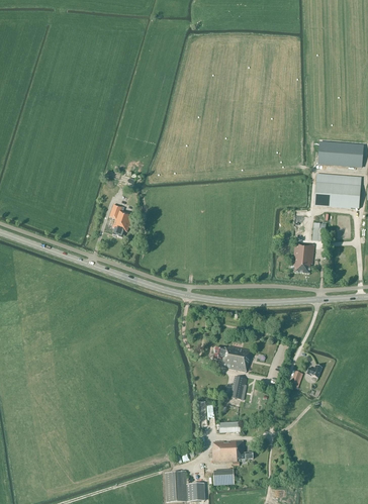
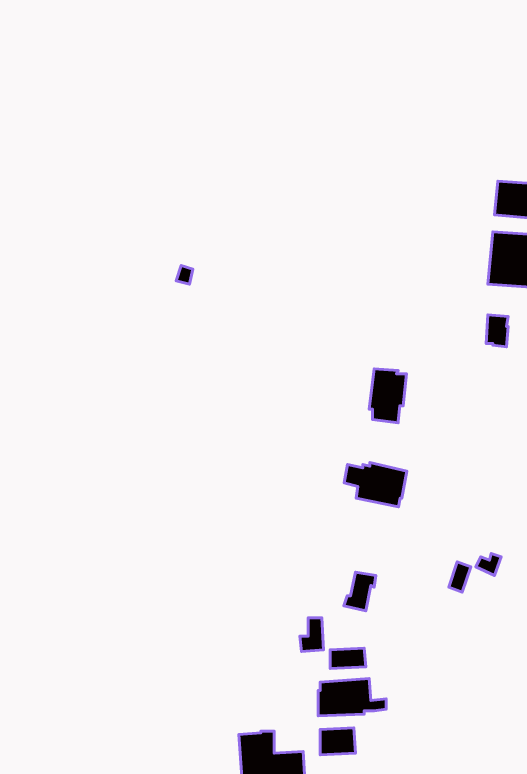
building: [109,204,132,237] -> none
building: [292,241,314,274] -> [369,369,407,423]
building: [213,345,251,372] -> [344,463,407,507]

